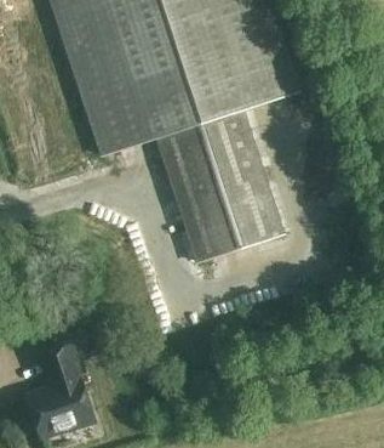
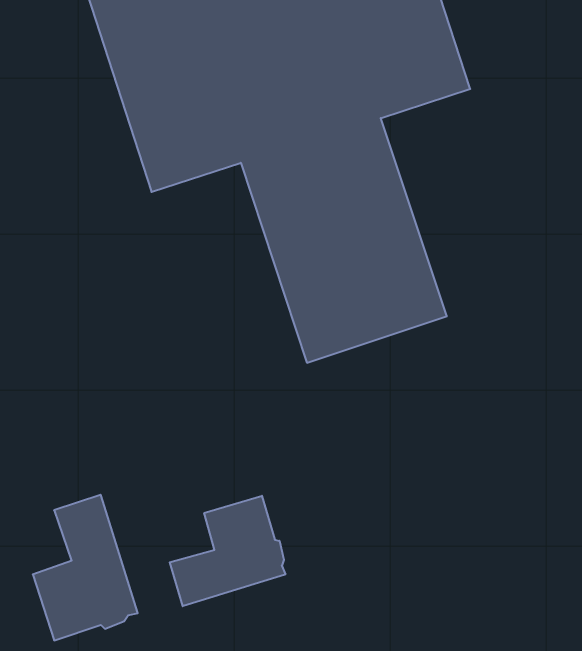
building: none -> [170,496,285,606]

